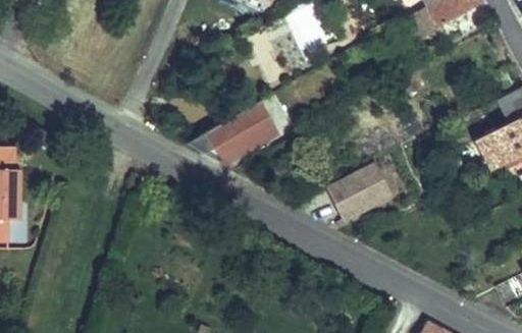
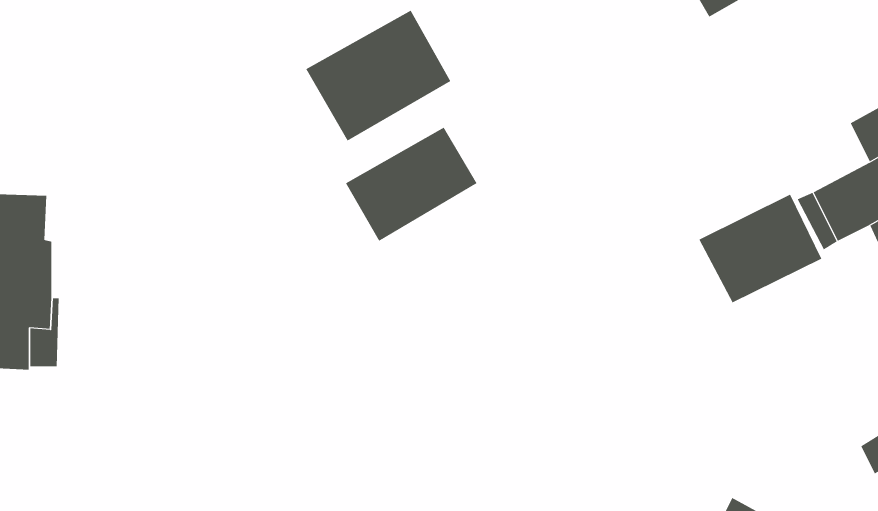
building: none -> [306,10,451,142]
building: [320,162,392,225] -> [699,194,822,303]

